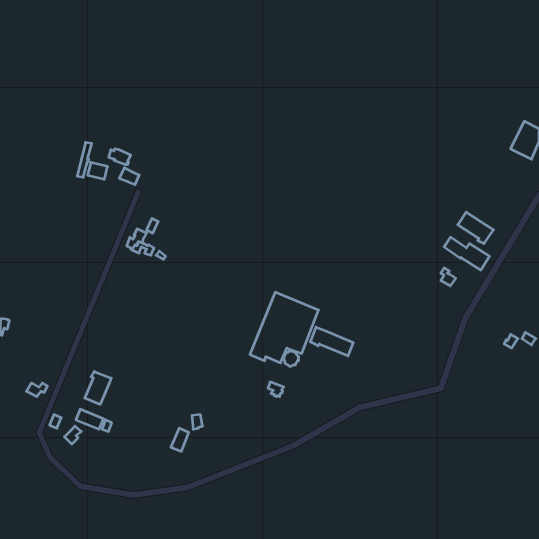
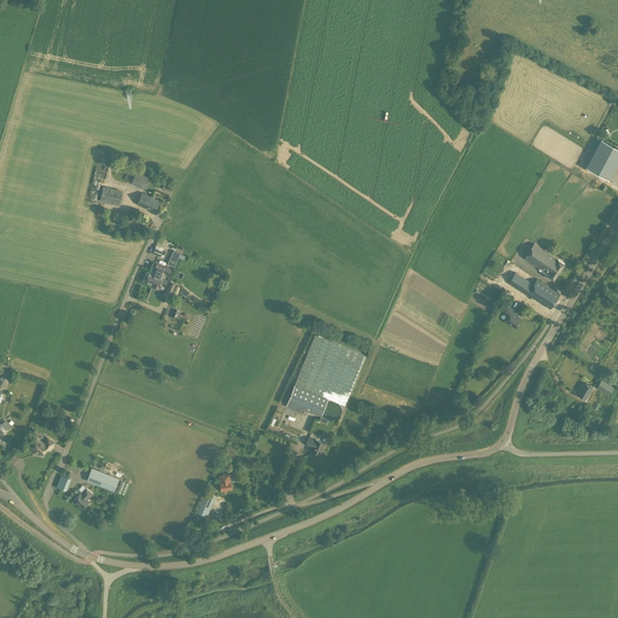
building: [310,327,353,356] -> none
building: [85,371,111,404] -> none

